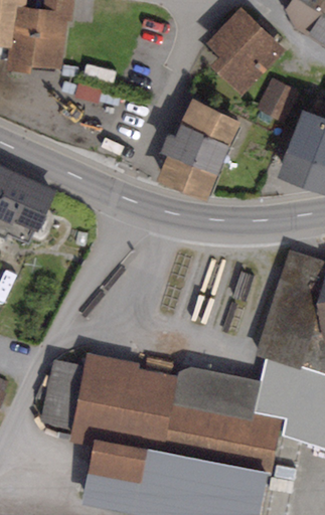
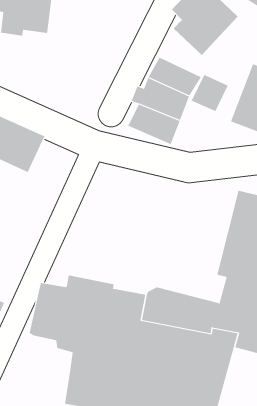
building: [255,80,299,125] -> [191,74,229,112]

